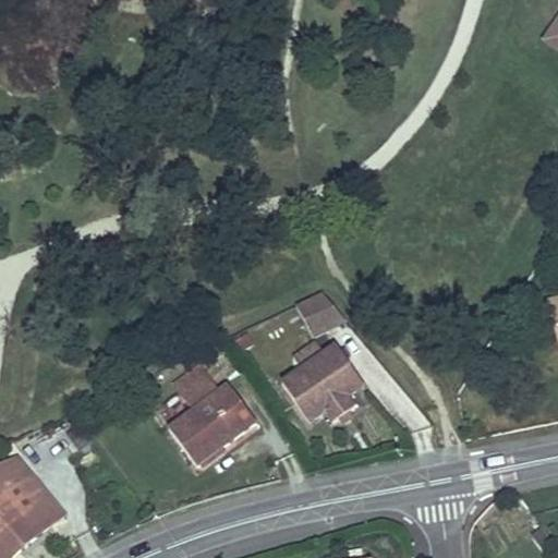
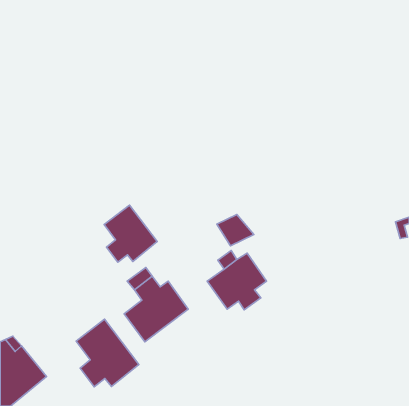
building: none -> [104,205,157,262]
building: none -> [76,319,139,387]

